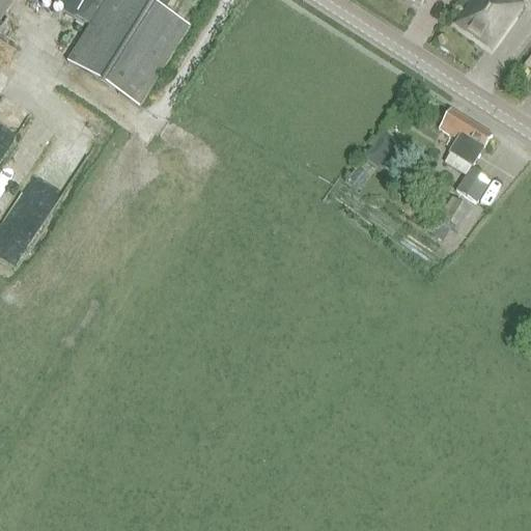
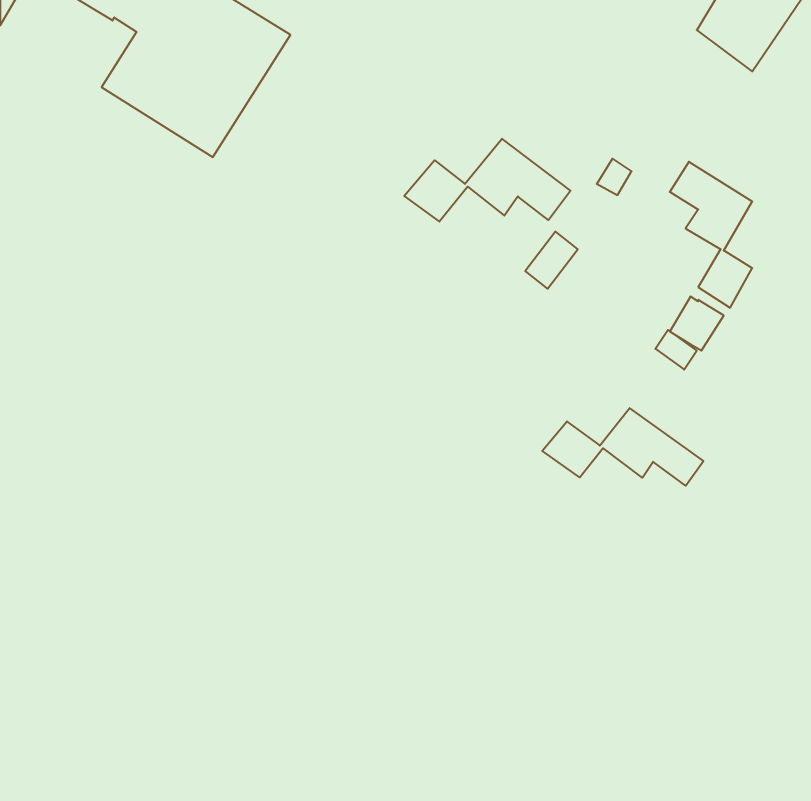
building: none -> [404,139,570,222]
building: none -> [542,408,703,486]

